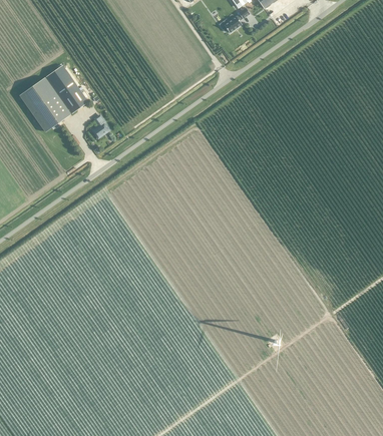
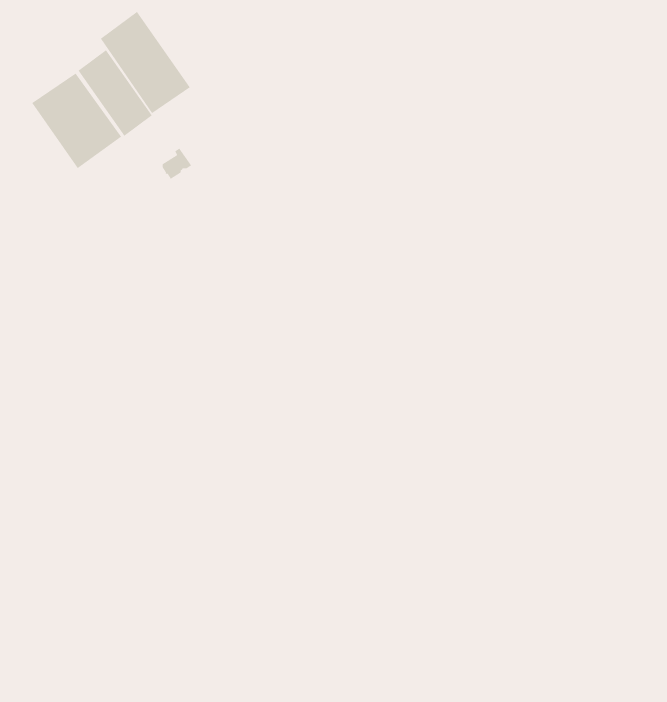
building: none -> [100,11,191,114]

